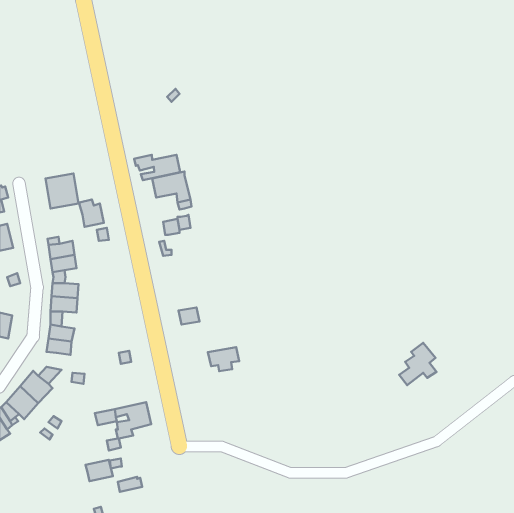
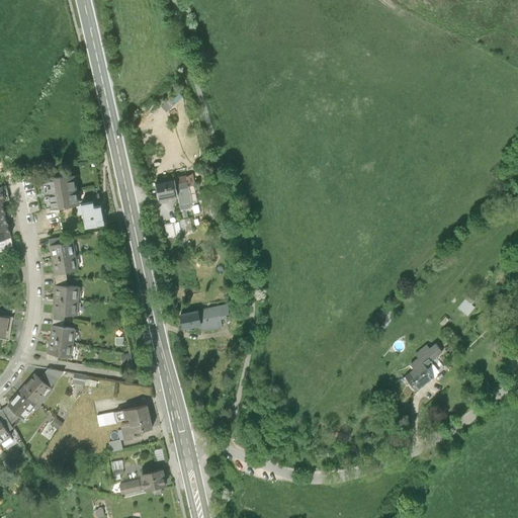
building: [134,155,180,180] -> none
building: [208,347,239,371] -> [197,306,229,330]
building: [85,460,113,481] -> [139,469,166,491]

